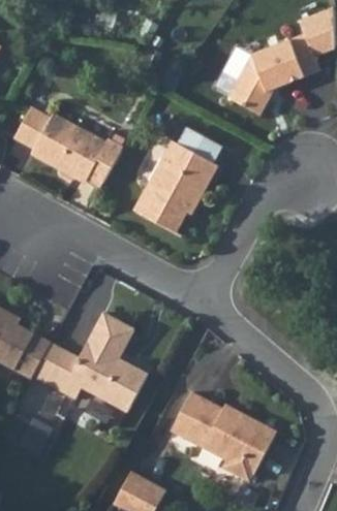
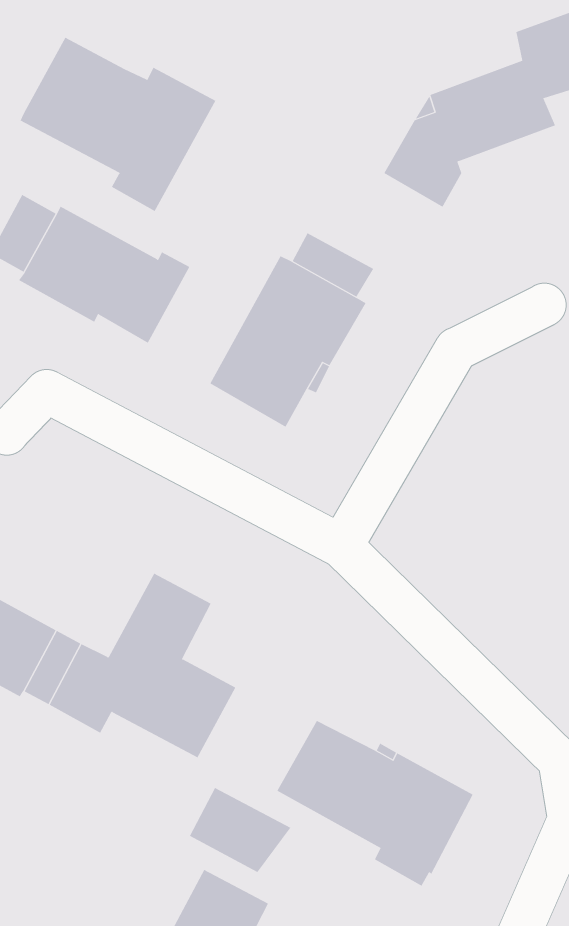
building: none -> [20,37,216,212]
building: none -> [189,787,291,873]

